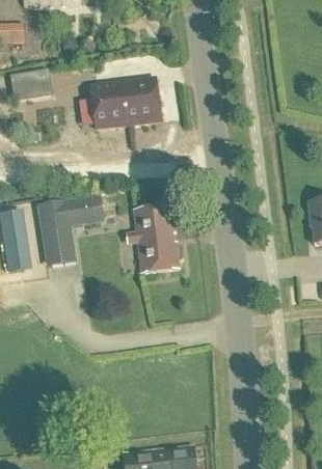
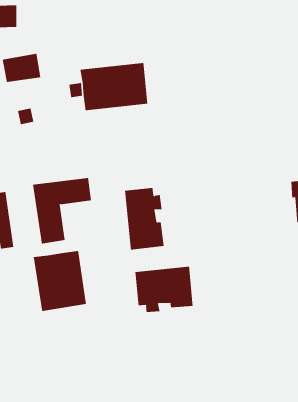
building: none -> [33,250,87,312]
building: none -> [135,266,193,313]

